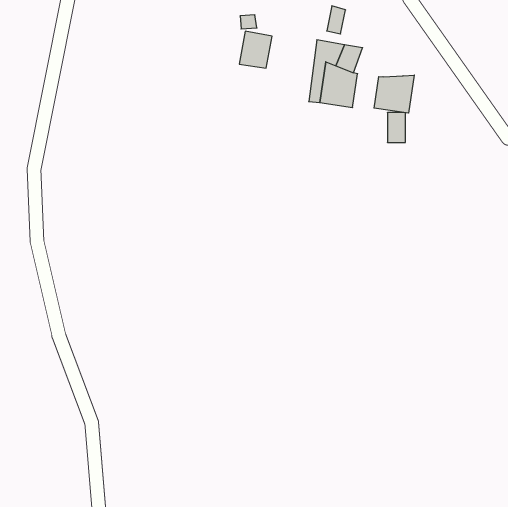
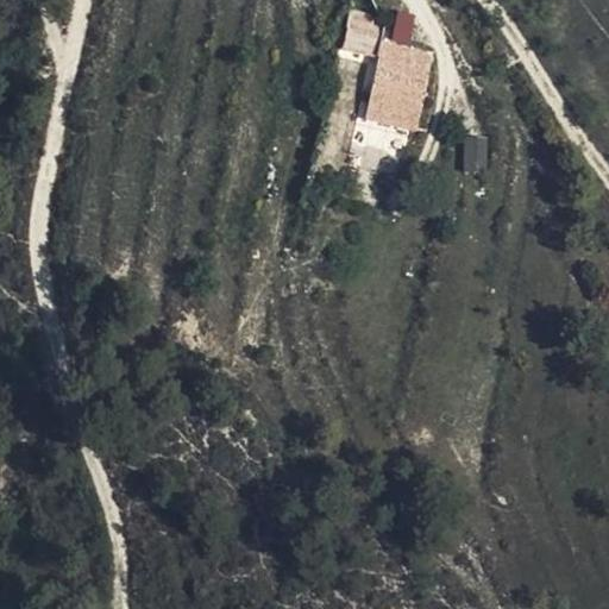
building: [239,31,272,68] -> [340,10,379,54]
building: [374,75,414,113] -> none

